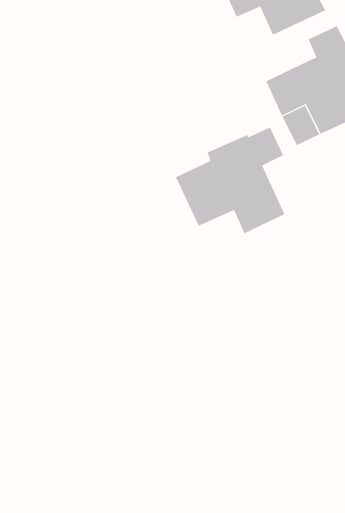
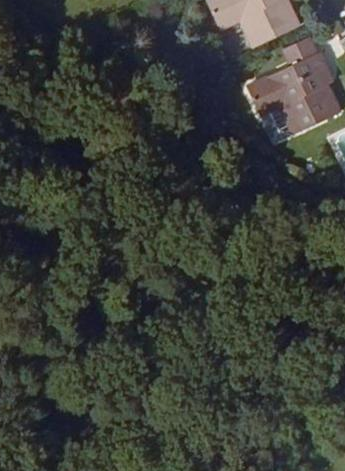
building: [175,127,285,234] -> none

